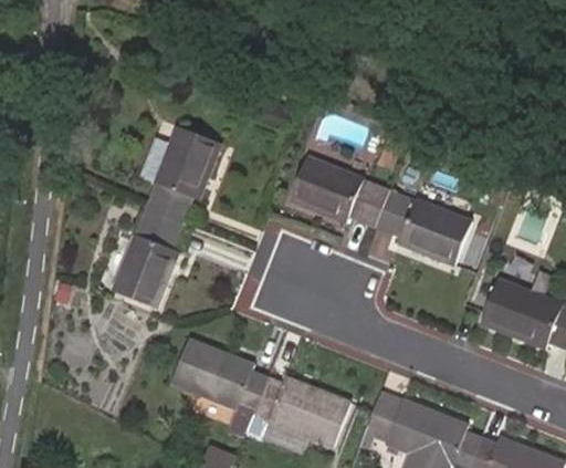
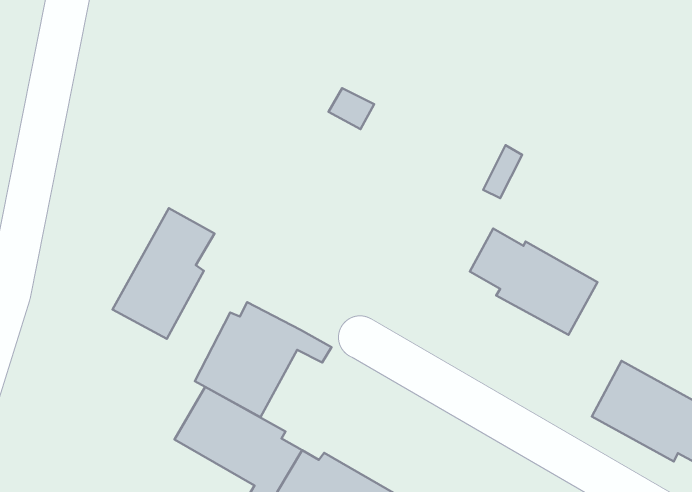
building: [140,125,221,222] -> none
building: [290,156,389,226] -> none
building: none -> [195,302,332,417]

